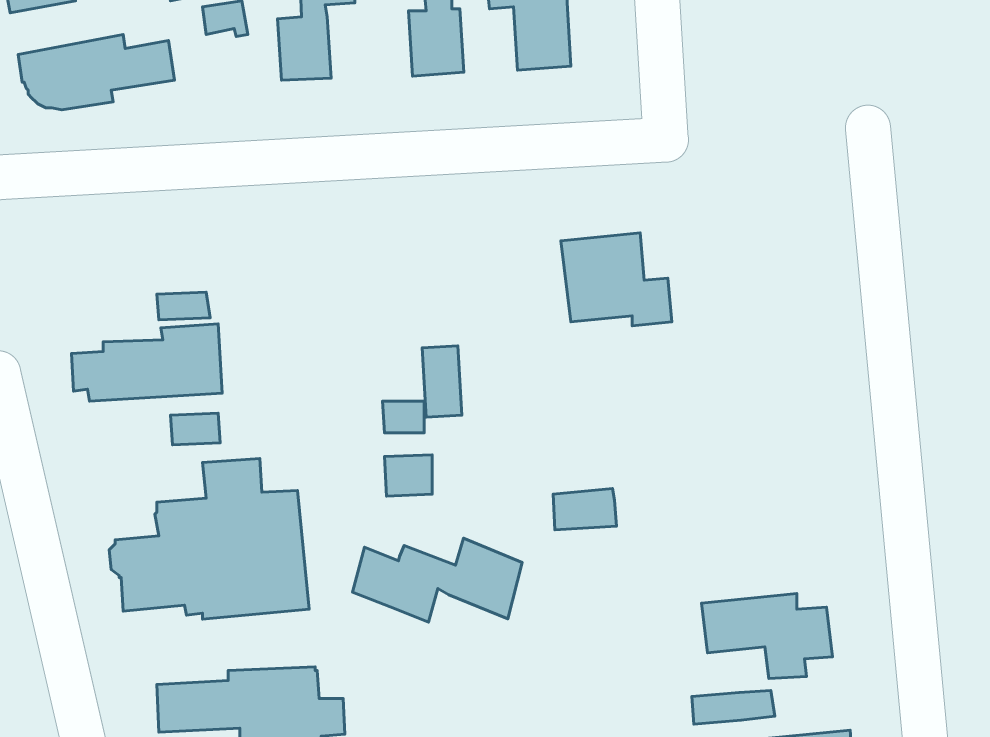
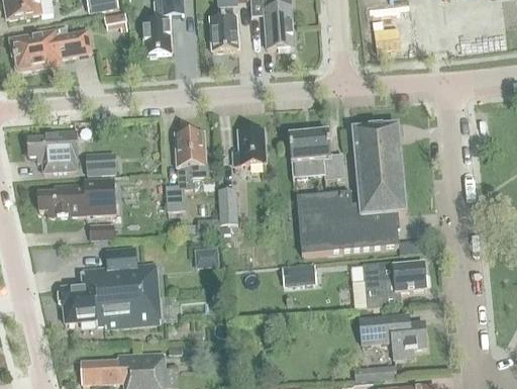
building: none -> [296,124,405,255]
building: none -> [233,129,265,164]
building: none -> [27,130,77,172]
building: none -> [167,133,207,210]
building: none -> [363,262,426,308]
building: [352,538,522,622] -> none

